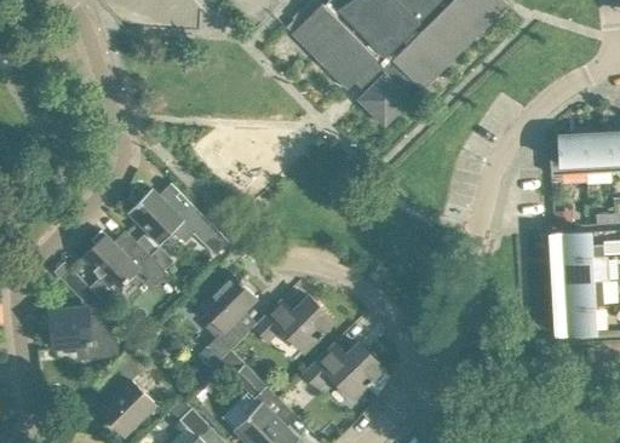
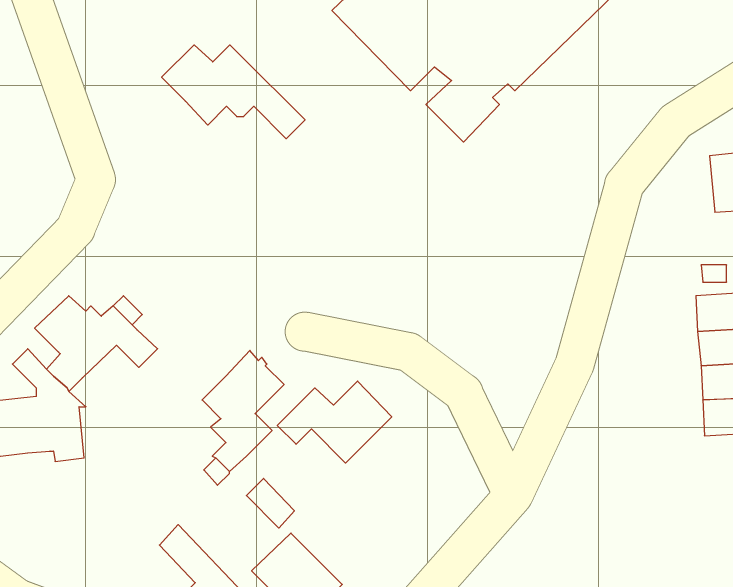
building: [127,189,229,255] -> [162,45,305,139]
building: [293,343,383,398] -> none
building: [99,355,153,435] -> none

